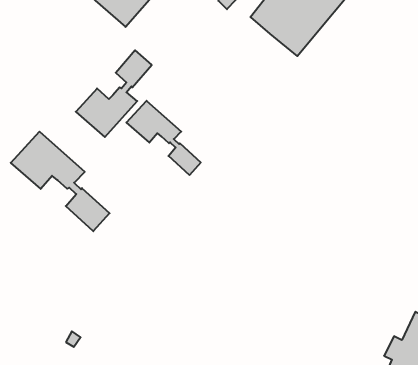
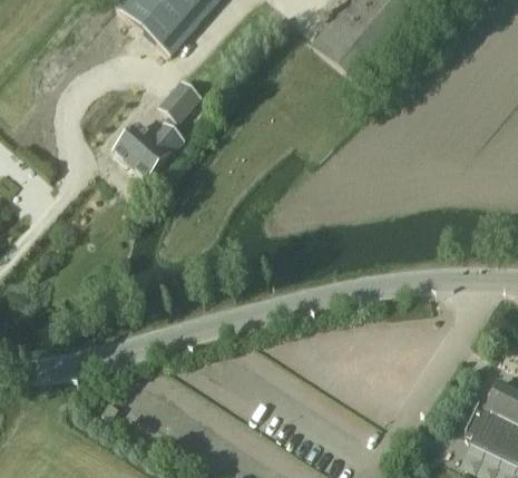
building: [126,101,201,175] -> none
building: [11,132,110,231] -> none

